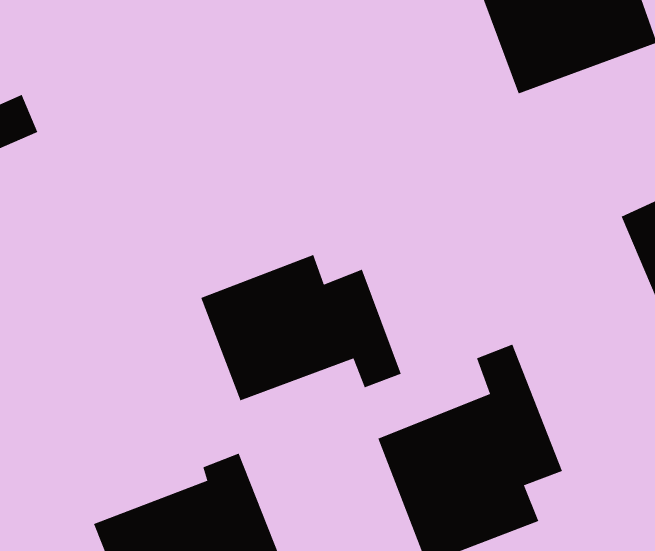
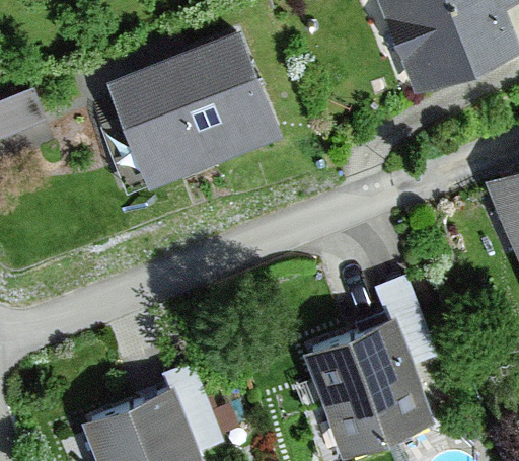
building: none -> [110,32,281,186]
building: [201,254,402,401] -> none

